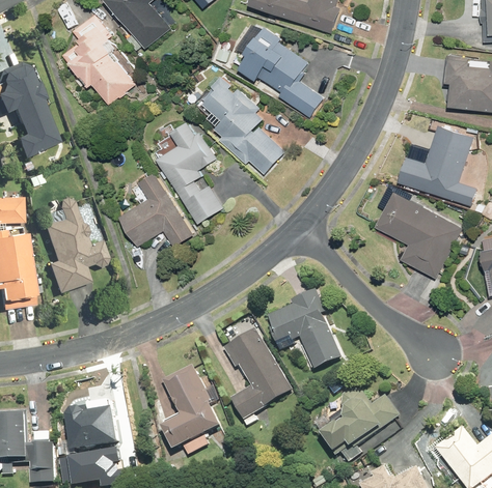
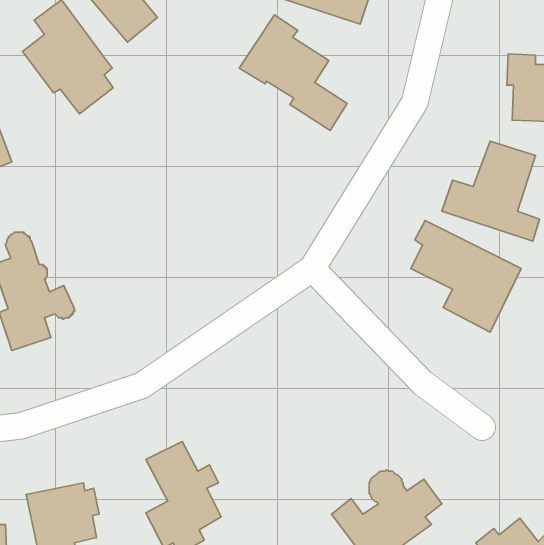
building: [204,76,284,173] -> none
building: [158,122,223,226] -> none
building: [120,169,193,247] -> none
building: [268,289,344,370] -> none
building: [222,328,293,426] -> none

